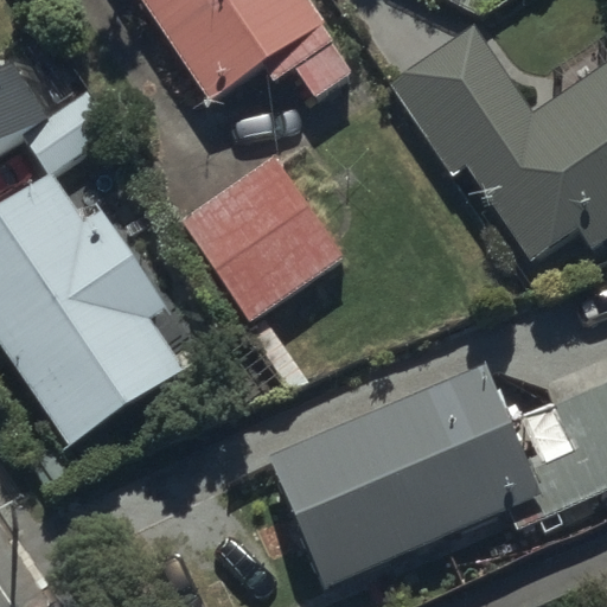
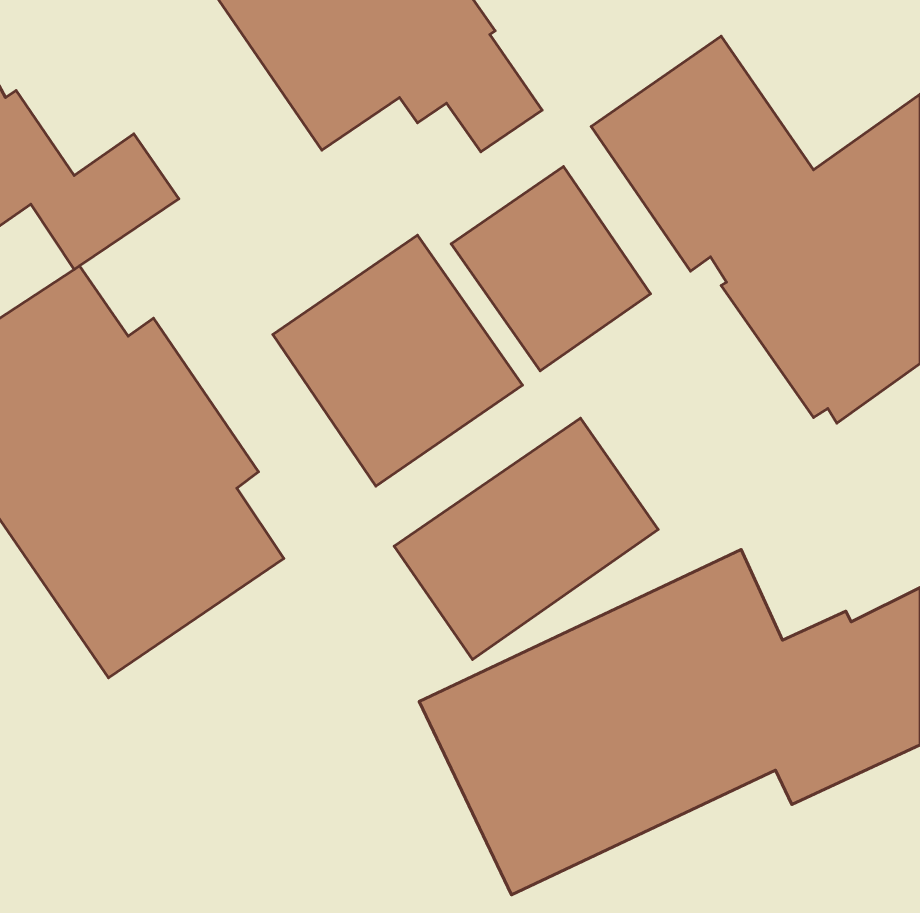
building: none -> [451,166,651,371]
building: none -> [394,418,658,659]

